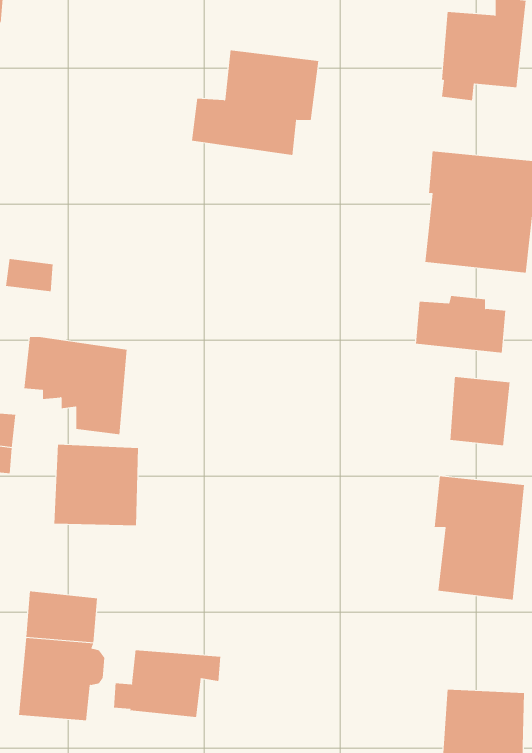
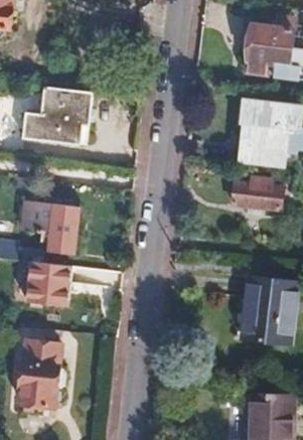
building: [191,50,319,156] -> [23,89,93,146]
building: [450,376,510,446] -> none
building: [114,649,221,718] -> none

